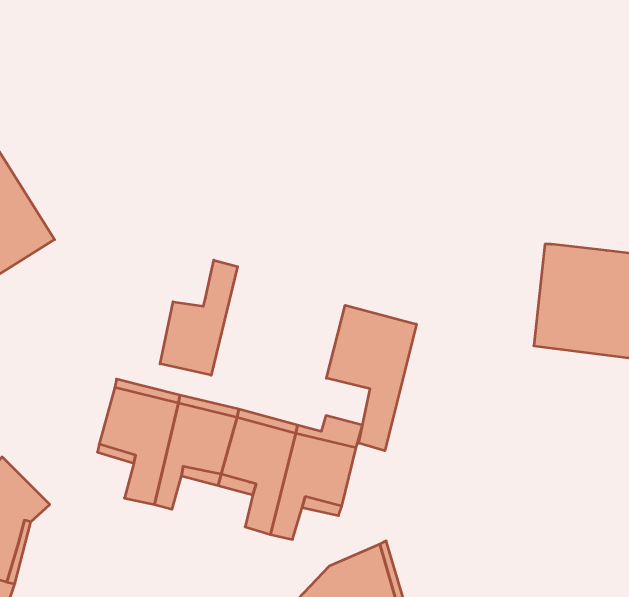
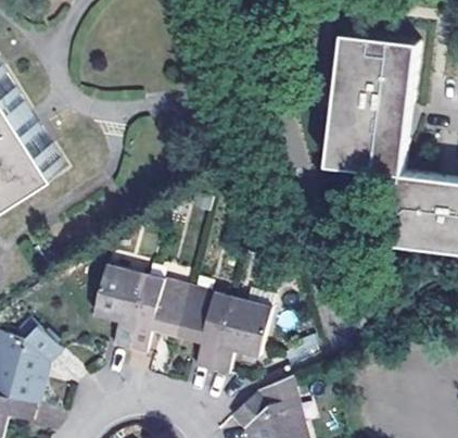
building: none -> [326,33,417,173]
building: [160,260,238,375] -> none
building: [326,305,416,451] -> none

